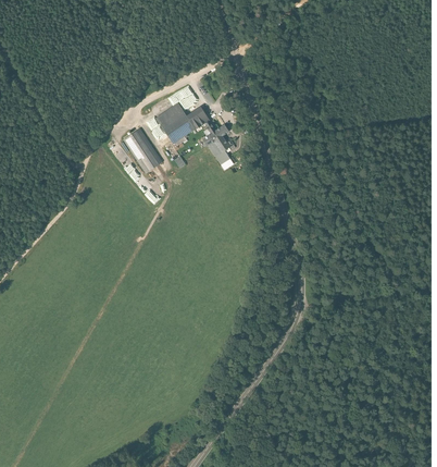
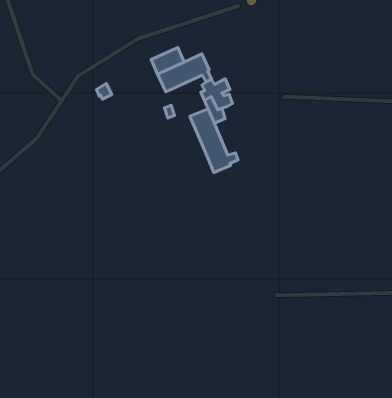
building: [123,127,161,171] -> none
building: none -> [190,109,238,173]

